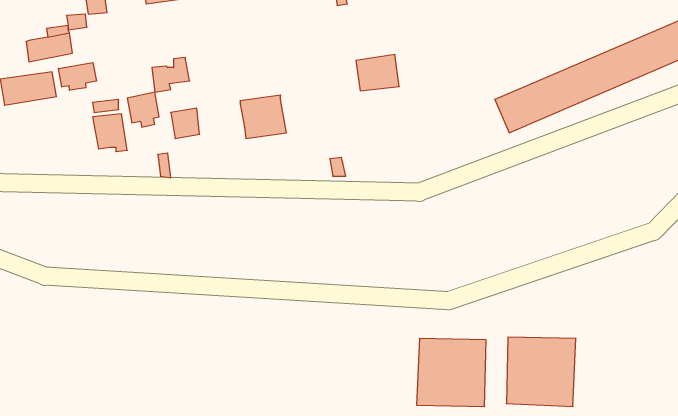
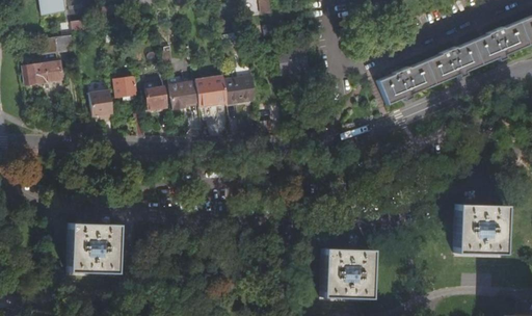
building: [152,57,190,92] -> [170,83,197,108]
building: [58,63,96,90] -> none
building: none -> [223,76,256,104]
building: none -> [69,226,117,274]
building: [506,337,576,407] -> [454,208,504,258]

